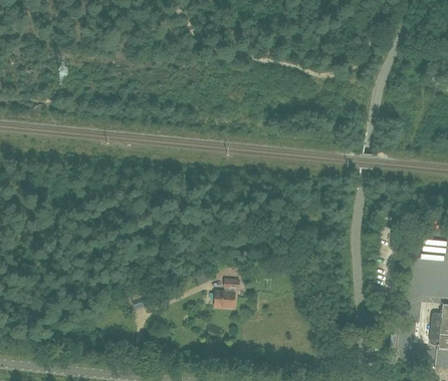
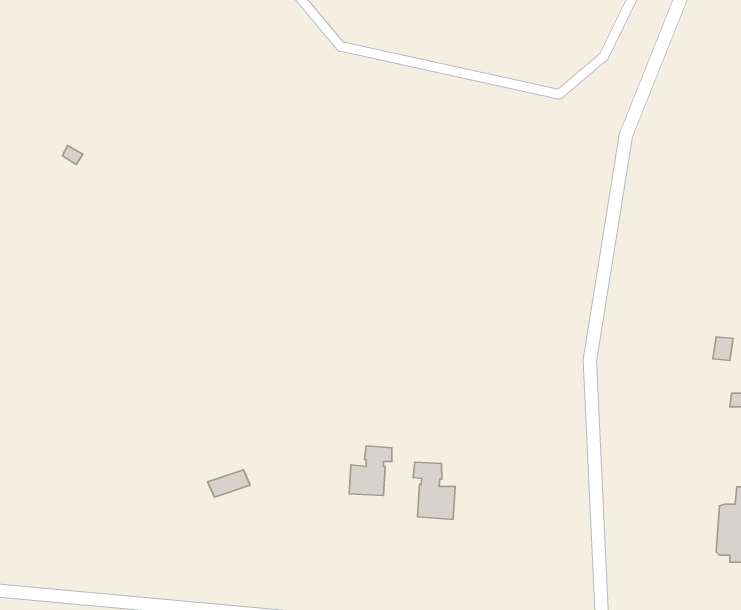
building: none -> [413,462,455,519]

